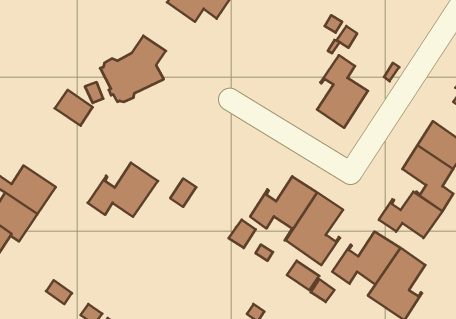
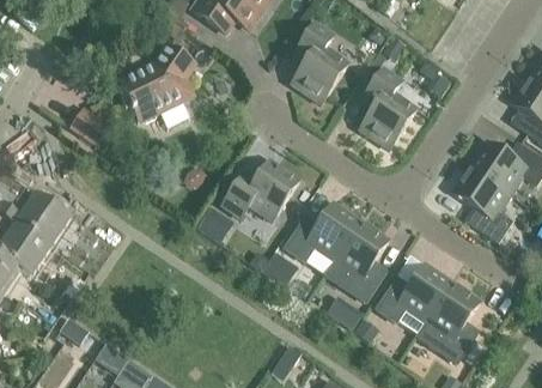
building: none -> [292,23,348,104]
building: [88,163,158,217] -> [221,160,299,220]
building: [379,192,442,238] -> none

